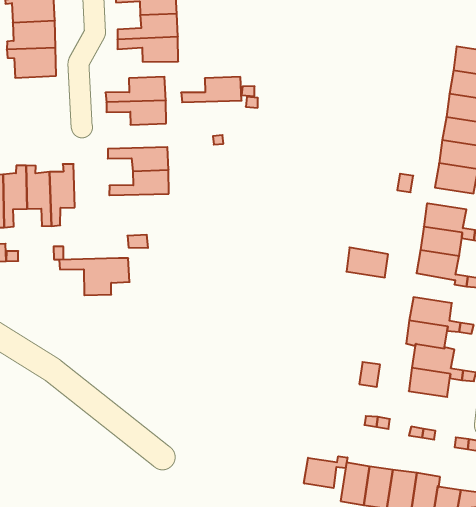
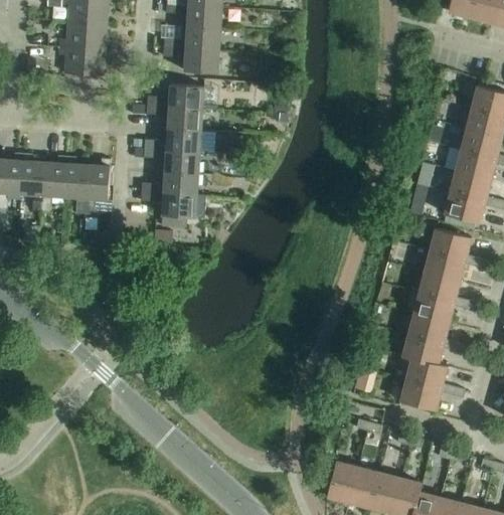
building: [181,77,242,102] -> [144,128,200,152]
building: [346,247,388,277] -> [413,292,454,323]
building: [59,258,130,295] -> [141,191,205,228]
building: [304,456,347,488] -> none

